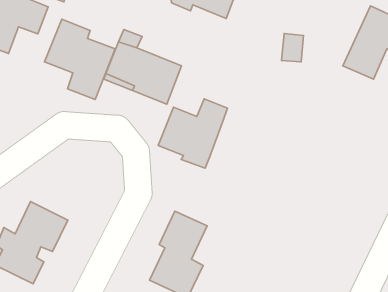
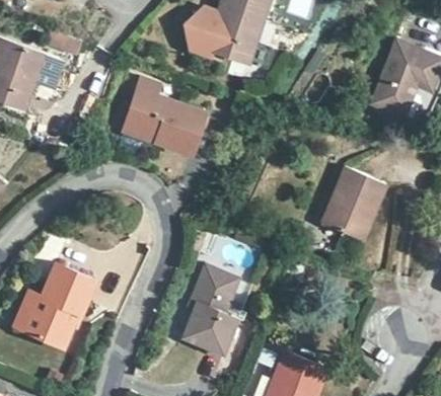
building: [44,19,115,99] -> none
building: [158,99,227,168] -> none
building: none -> [323,167,384,239]

